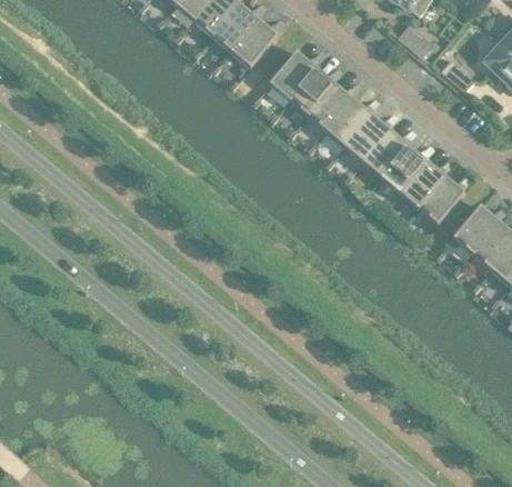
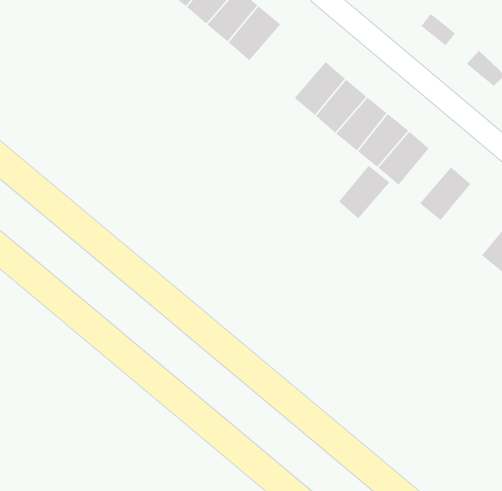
building: [270,50,317,99] -> none
building: [381,143,426,191] -> [338,165,390,219]
building: [418,175,464,223] -> none

